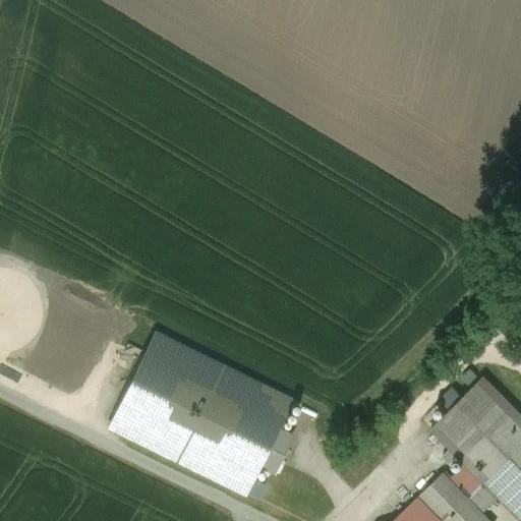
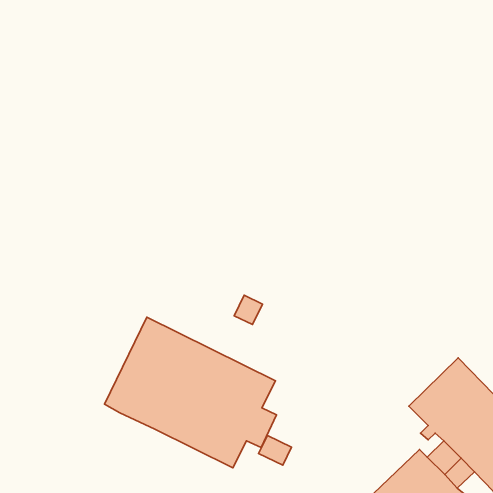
building: none -> [234,295,262,325]
building: none -> [259,435,291,465]

